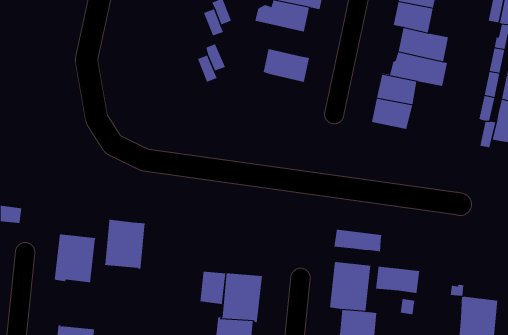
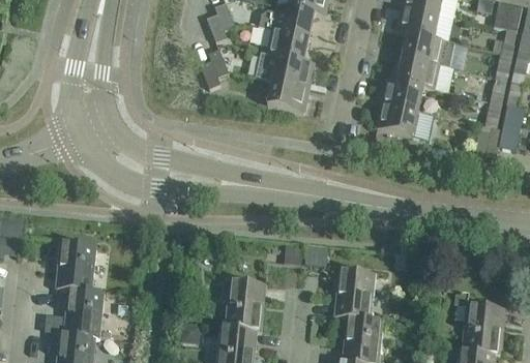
building: none -> [255,25,308,60]
building: none -> [267,79,308,112]
building: [103,219,145,269] -> [62,286,105,337]
building: [334,229,382,252] -> none
building: [375,266,420,294] -> none
building: [200,271,226,305] -> none

